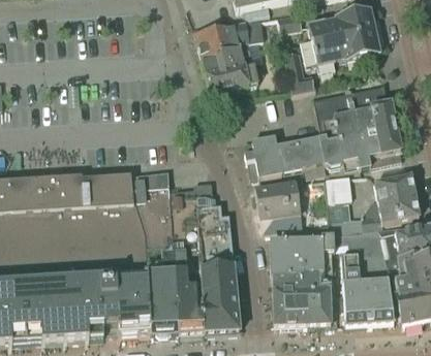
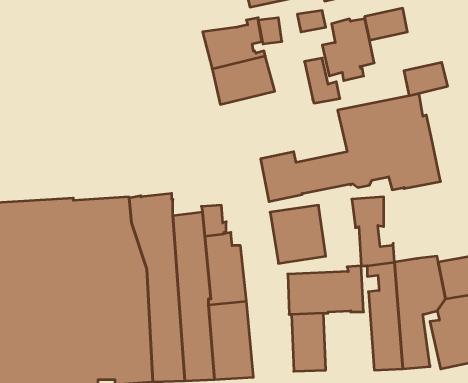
building: [340,29,378,58] -> [404,62,448,96]
building: [361,172,419,229] -> none
building: [300,271,336,323] -> none

